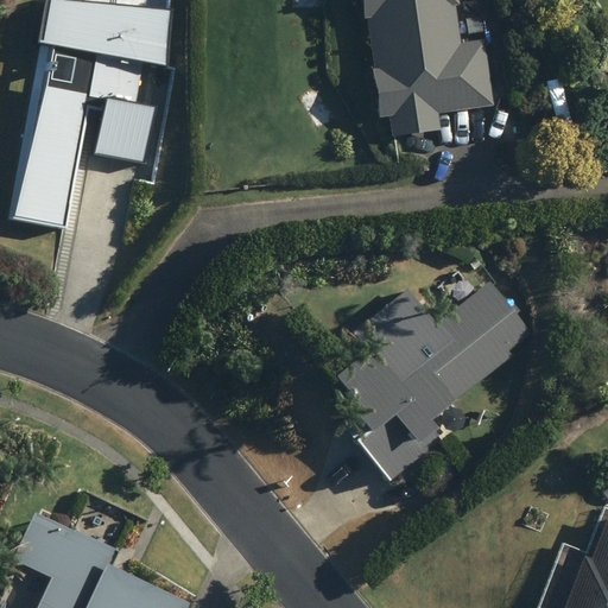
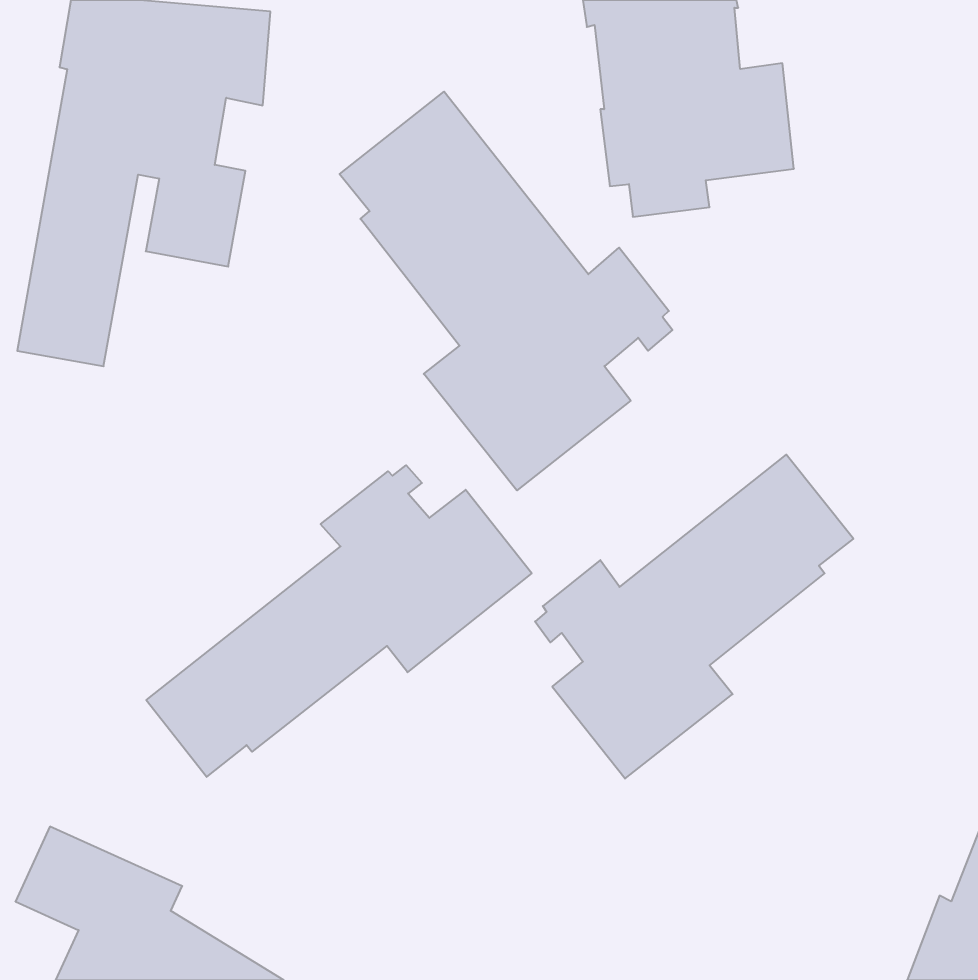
building: none -> [340,92,672,490]
building: none -> [146,465,532,777]

